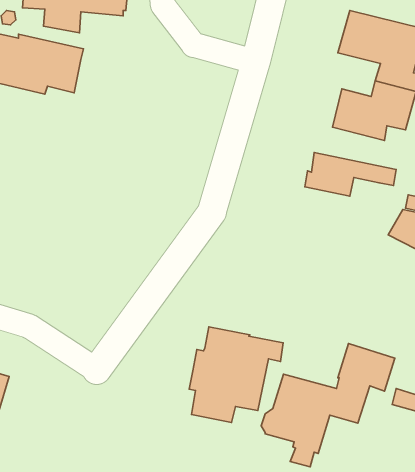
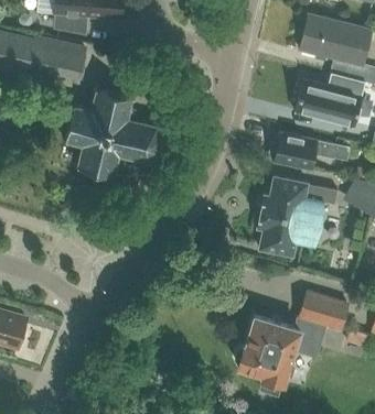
building: none -> [66,85,169,178]
building: [189,327,283,422] -> [258,176,336,255]

